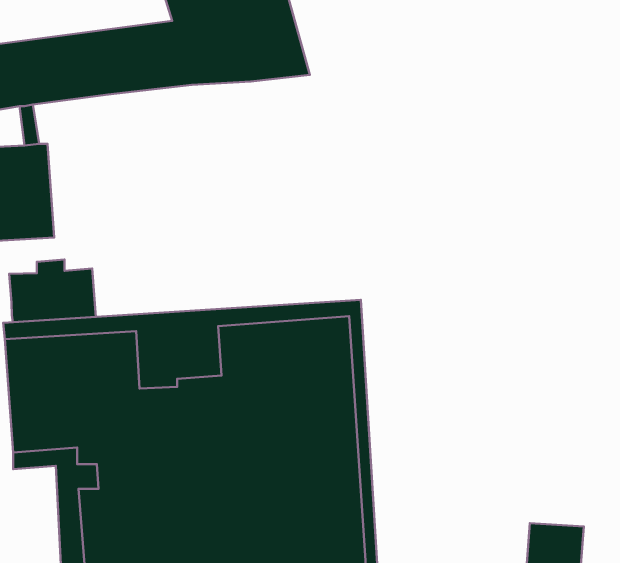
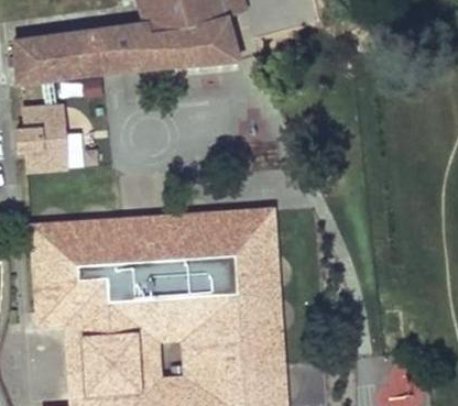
building: [9,260,96,322] -> none

